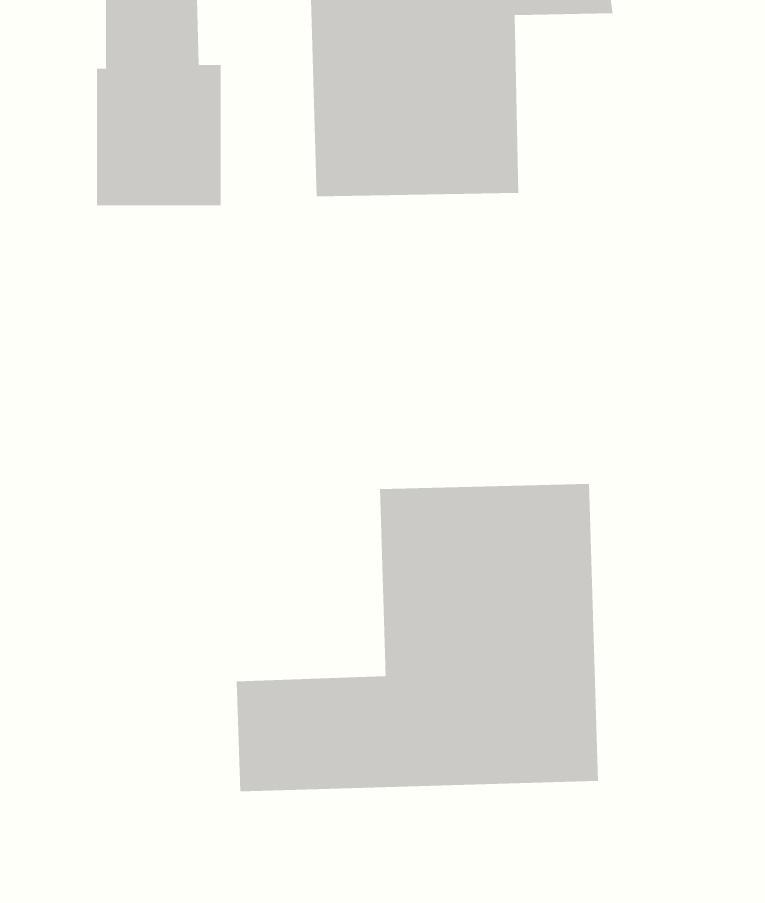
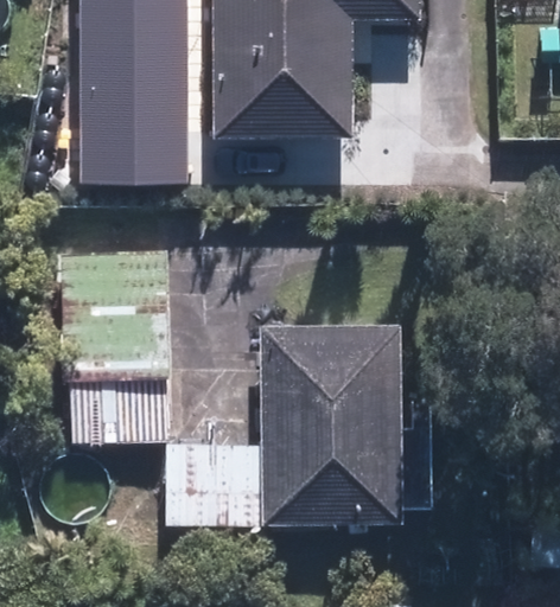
building: none -> [69,256,170,443]

